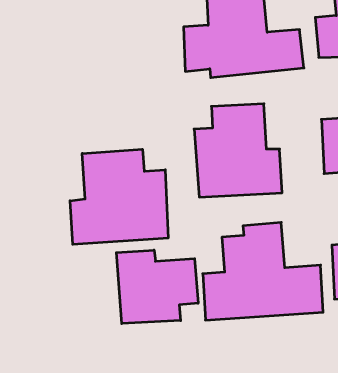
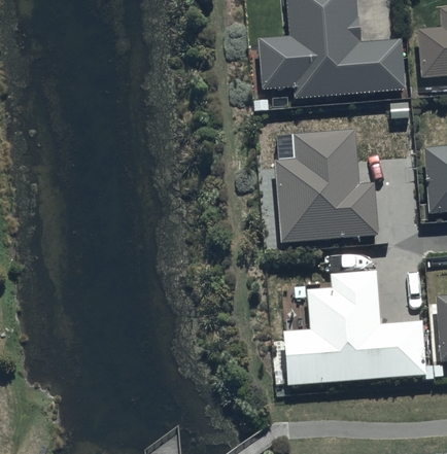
building: [70,149,168,244] -> none
building: [116,250,198,324] -> none

